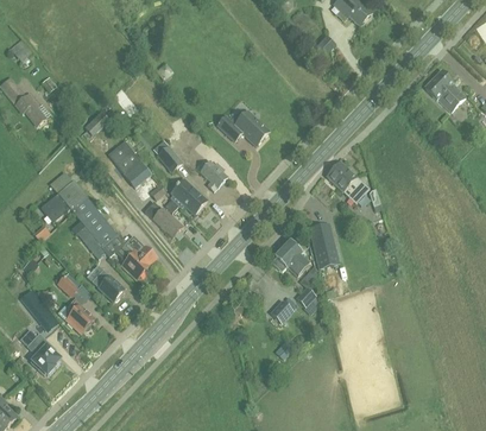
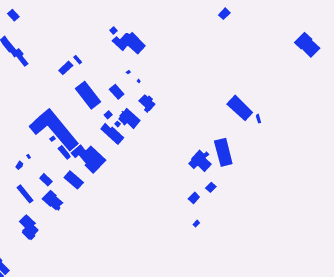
building: [216,110,269,146] -> [111,31,147,56]

